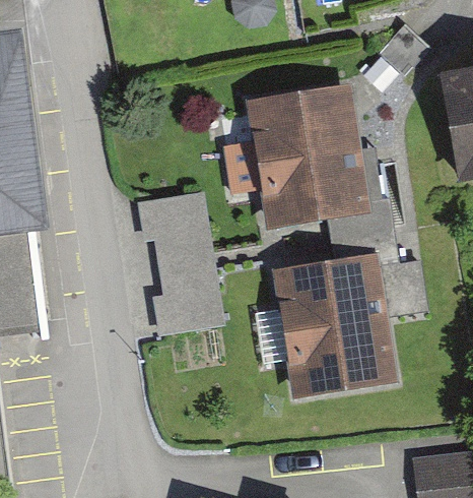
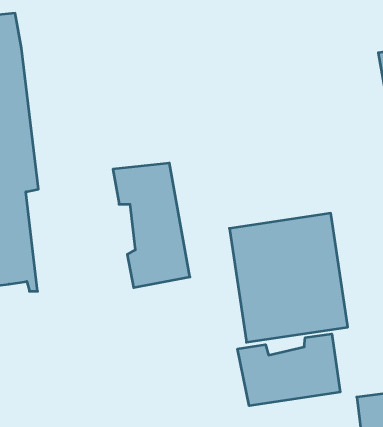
building: [213,80,375,231] -> none
building: none -> [238,334,340,406]

